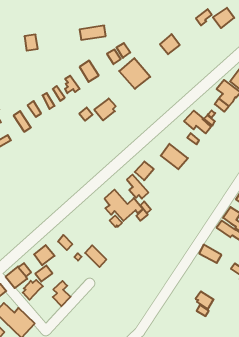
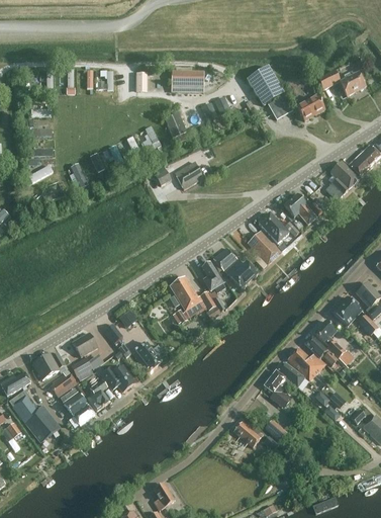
building: none -> [296,95,324,120]
building: [119,58,150,89] -> [246,66,283,104]
building: none -> [258,212,288,243]
building: none -> [224,259,258,288]
building: none -> [287,347,324,380]
building: none -> [264,370,289,407]
building: none -> [100,364,135,392]
building: none -> [233,418,263,446]
building: none -> [64,393,93,425]

